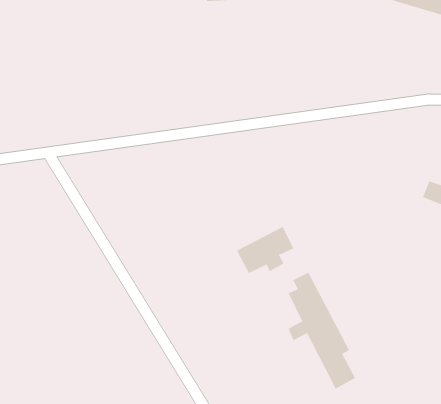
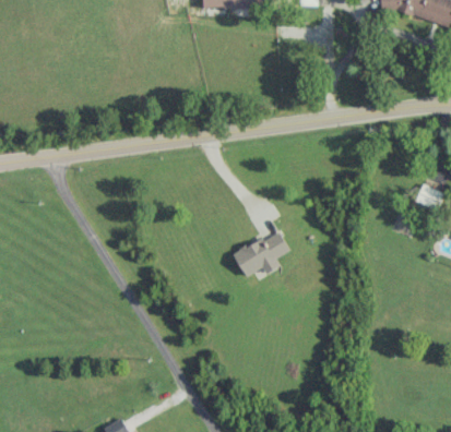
building: [288,272,356,390] -> none

